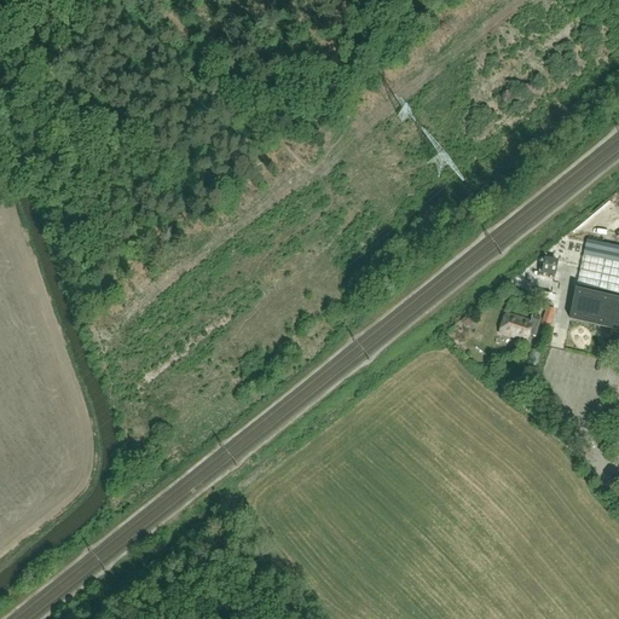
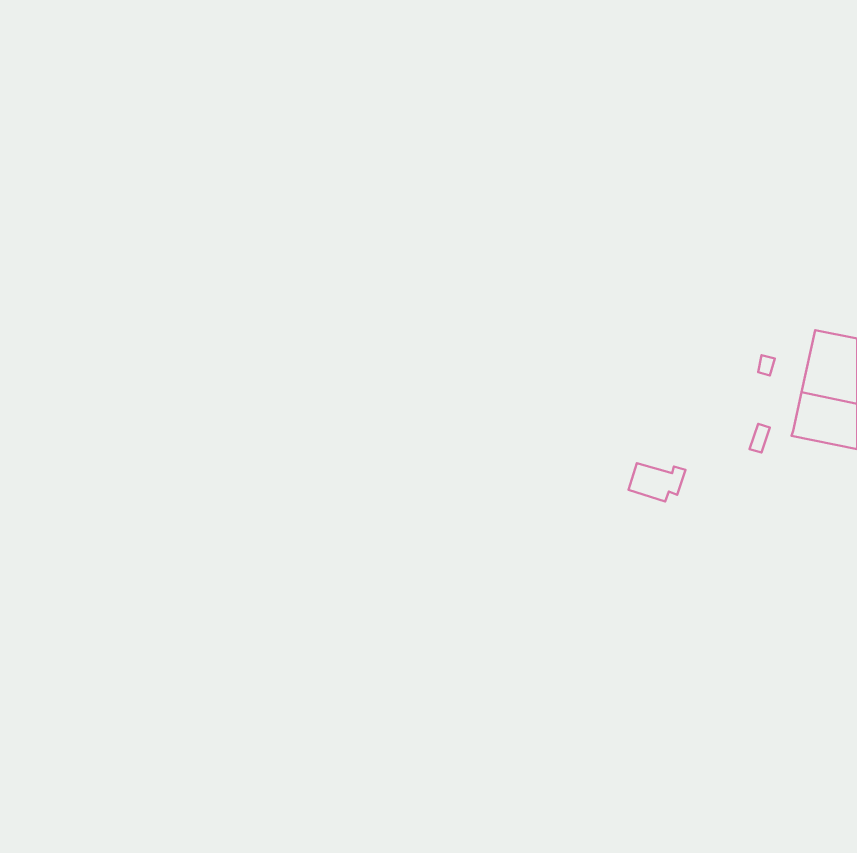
building: [499,312,540,340] -> [628,463,685,502]

